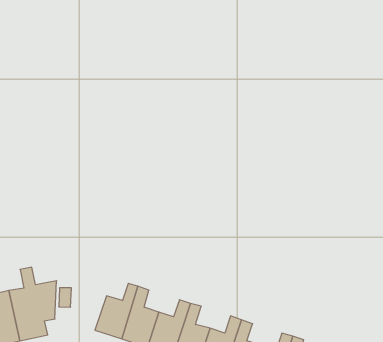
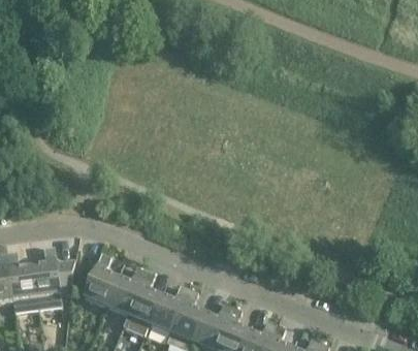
building: none -> [83,253,117,306]

